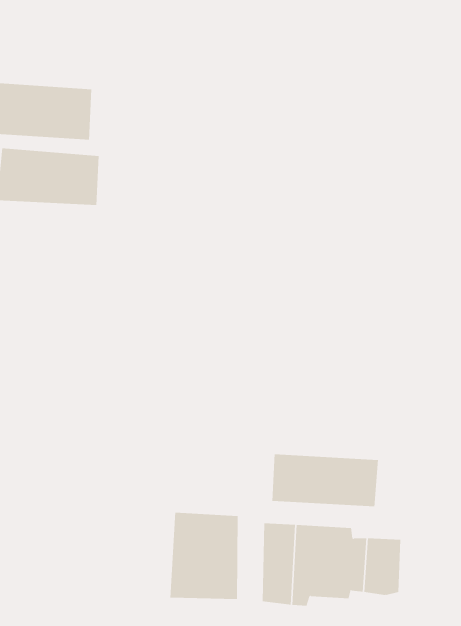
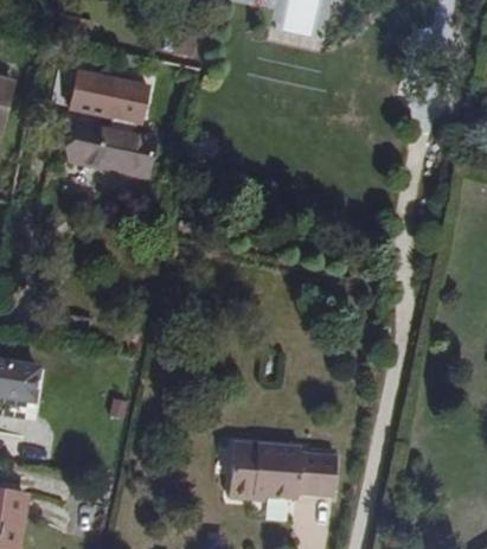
building: [272,454,379,507] -> none
building: [170,512,238,600] -> none

